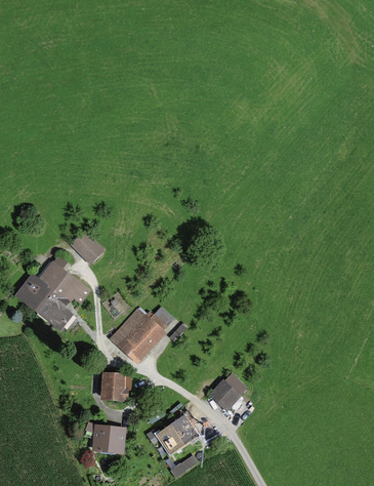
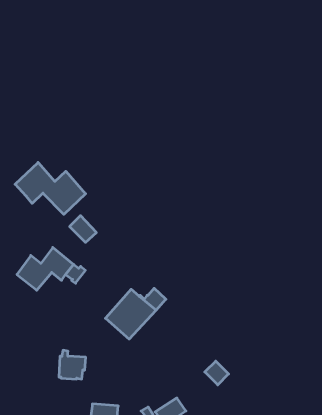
building: none -> [15,162,86,214]
building: [40,291,72,326] -> none
building: [102,369,130,399] -> [59,350,86,379]

